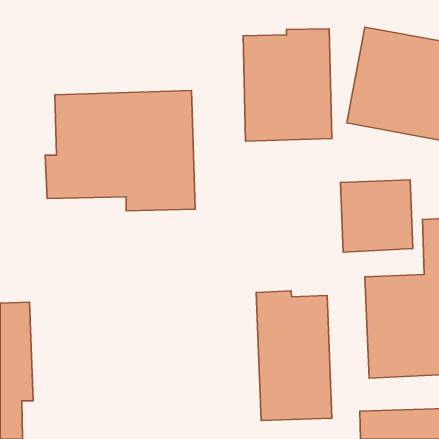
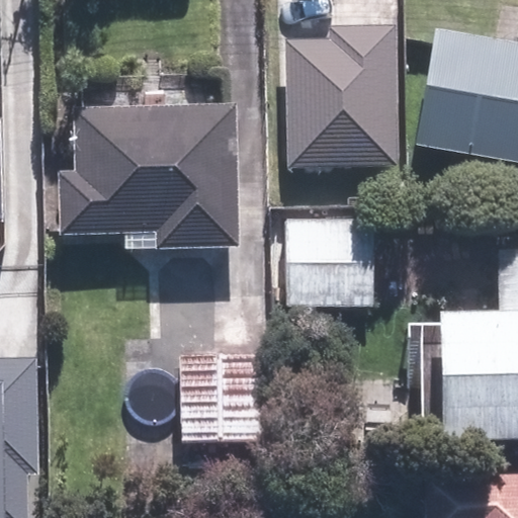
building: [340,180,413,252] -> [288,218,372,301]
building: [256,291,332,420] -> none
building: none -> [181,356,255,436]

